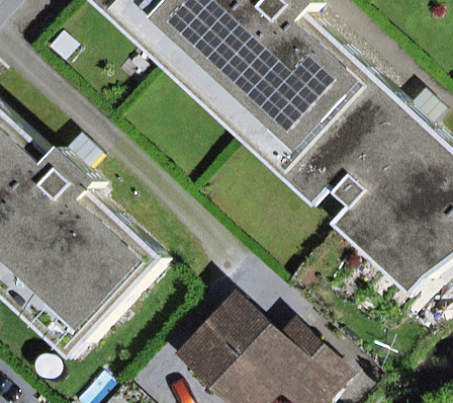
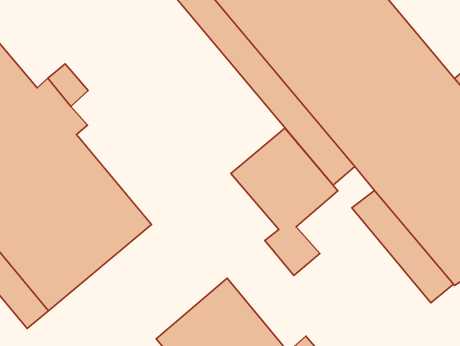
building: none -> [231,128,338,276]

